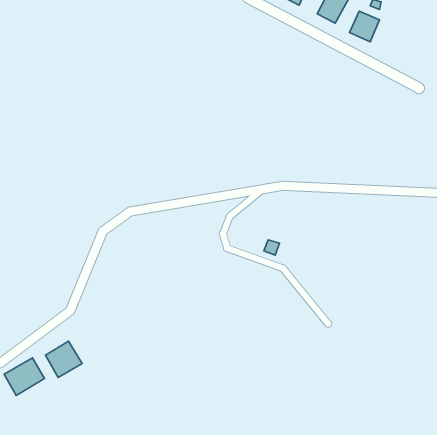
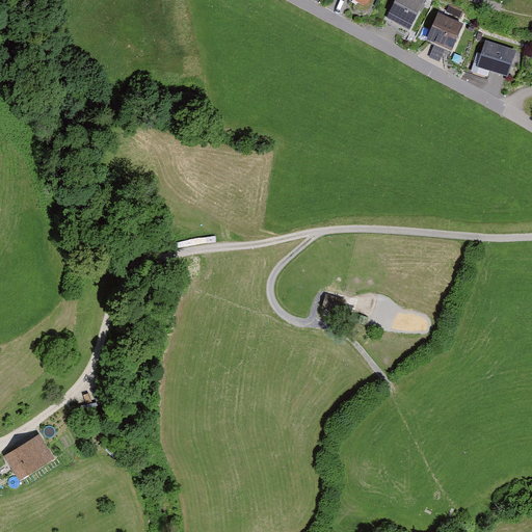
building: none -> [475,38,514,75]
building: [45,341,82,377] -> none

